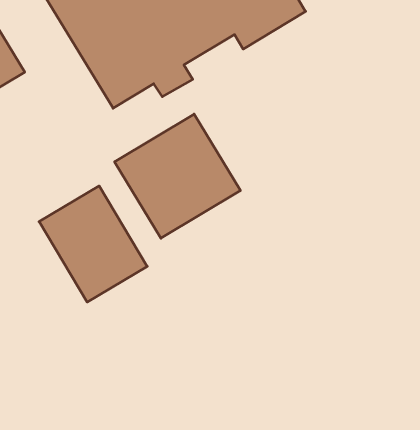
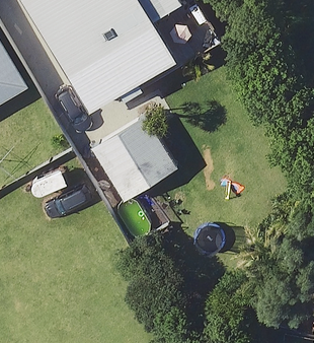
building: [39,186,147,302] -> none

